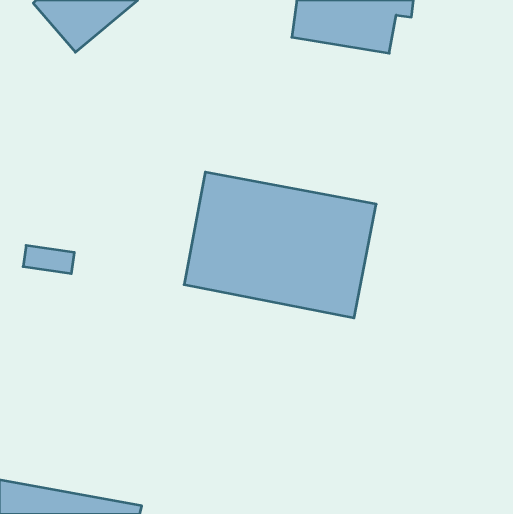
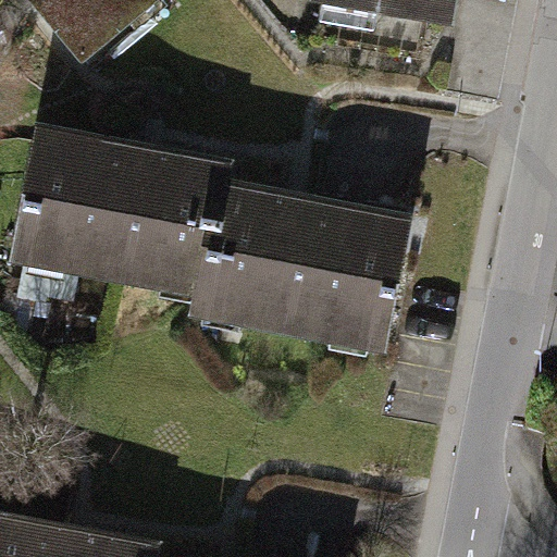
building: none -> [15,131,226,308]

